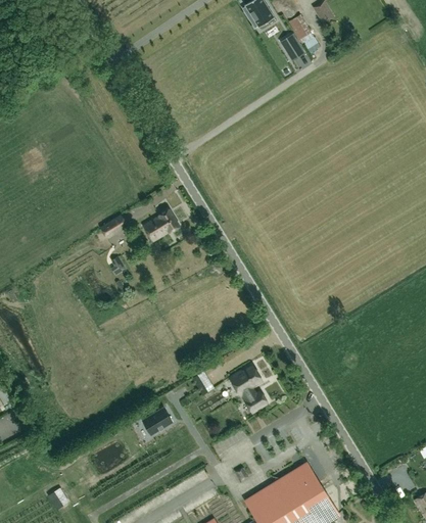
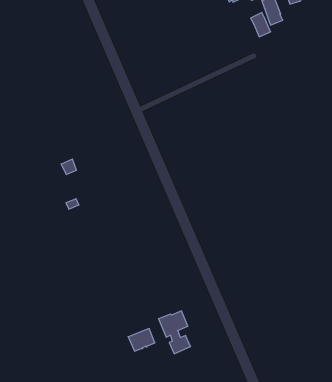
building: [143,209,180,242] -> none
building: [142,408,172,434] -> [128,329,155,351]

